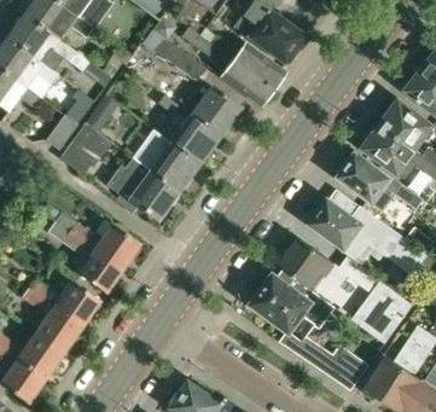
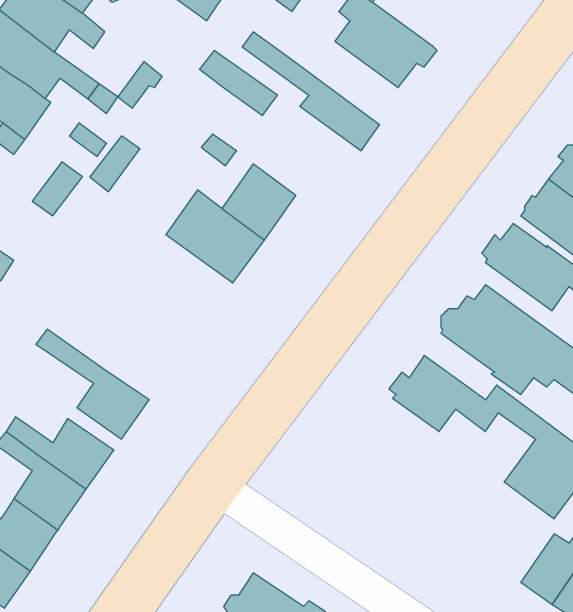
building: [210,36,284,89] -> none
building: [180,83,238,135] -> none
building: [64,123,109,168] -> none
building: [124,161,175,220] -> none
building: [54,213,138,268] -> none
building: [251,275,368,390] -> none

